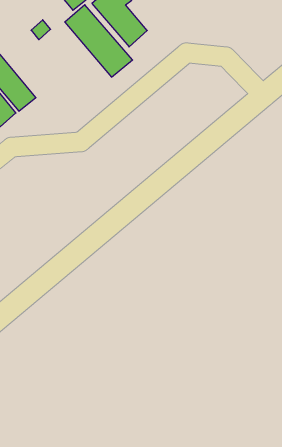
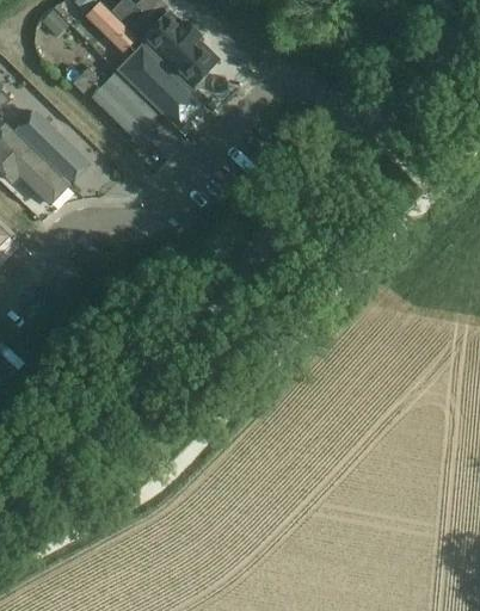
building: none -> [90,73,155,137]

